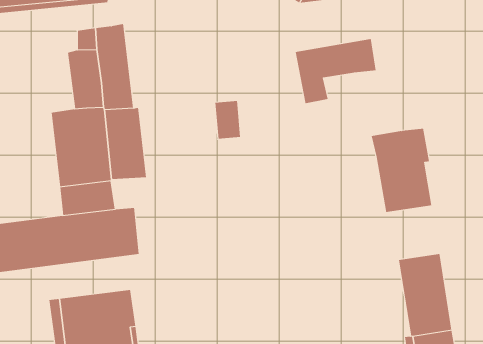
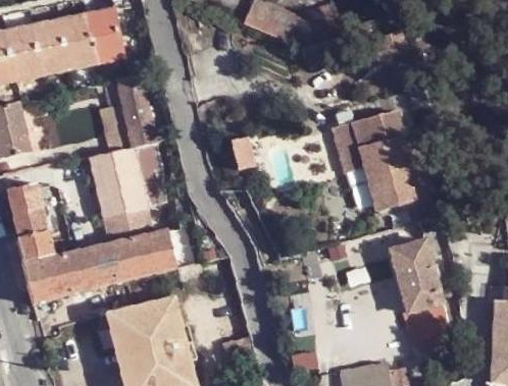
building: [295,38,376,104] -> [333,108,403,169]

